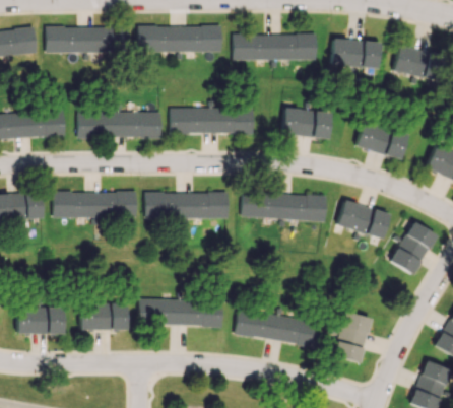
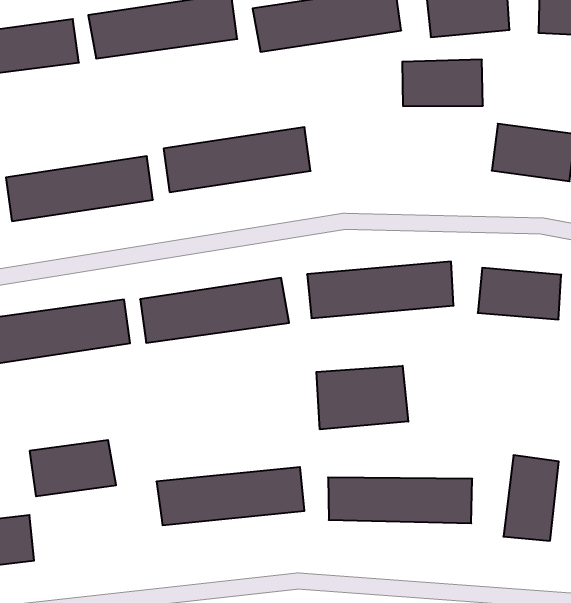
building: [282,108,331,139] -> [402,60,483,106]
building: none -> [316,366,408,429]
building: [81,303,128,330] -> [30,440,116,496]

